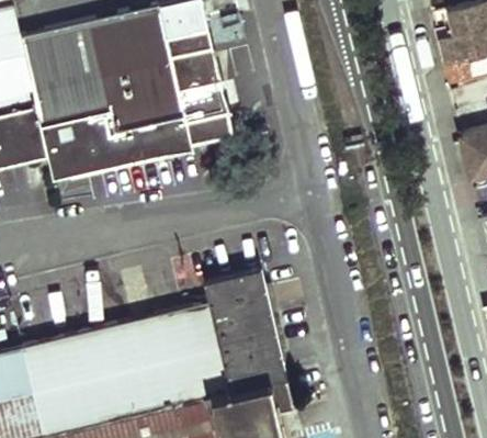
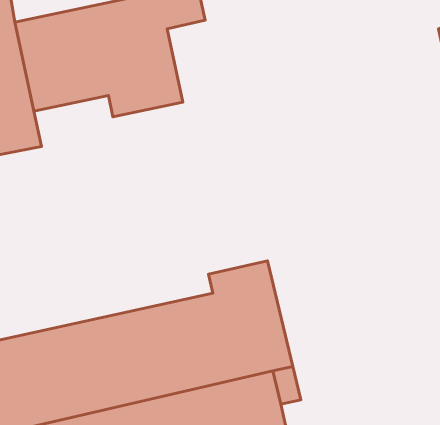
building: [36,34,230,181] -> none

